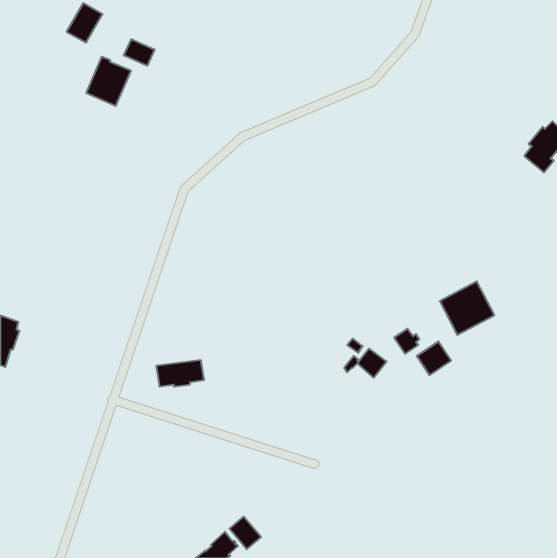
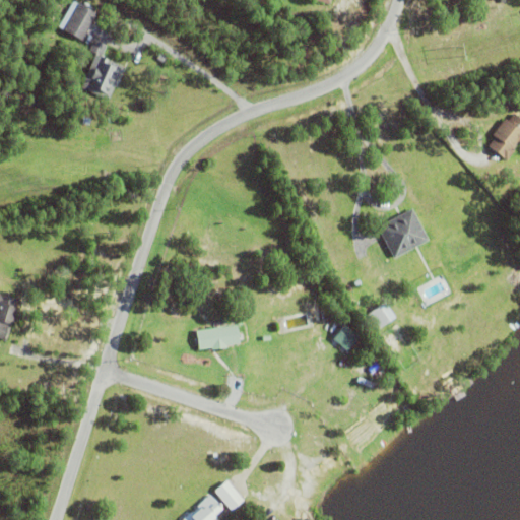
building: [124,39,155,66] -> none
building: [440,281,494,335] -> [378,208,429,258]
building: [417,341,451,375] -> none
building: [156,360,204,387] -> [196,325,241,349]

